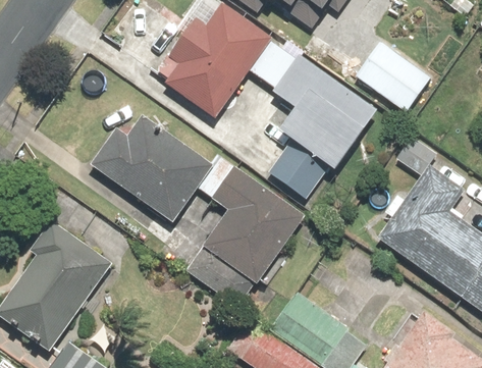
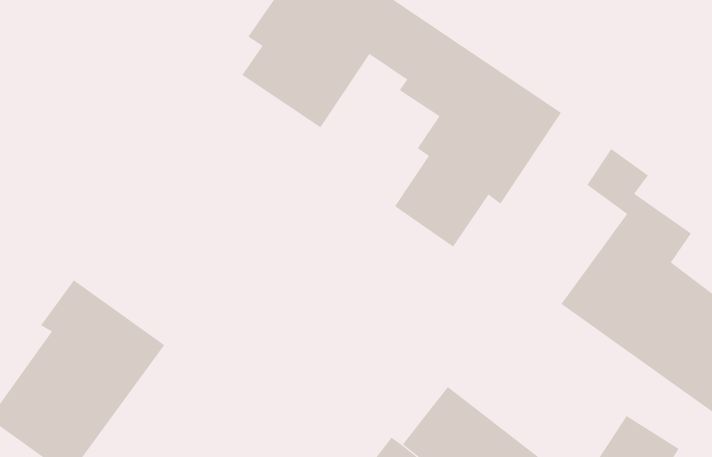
building: [351,40,430,115] -> none
building: [93,116,214,223] -> none
building: [189,165,307,301] -> none

